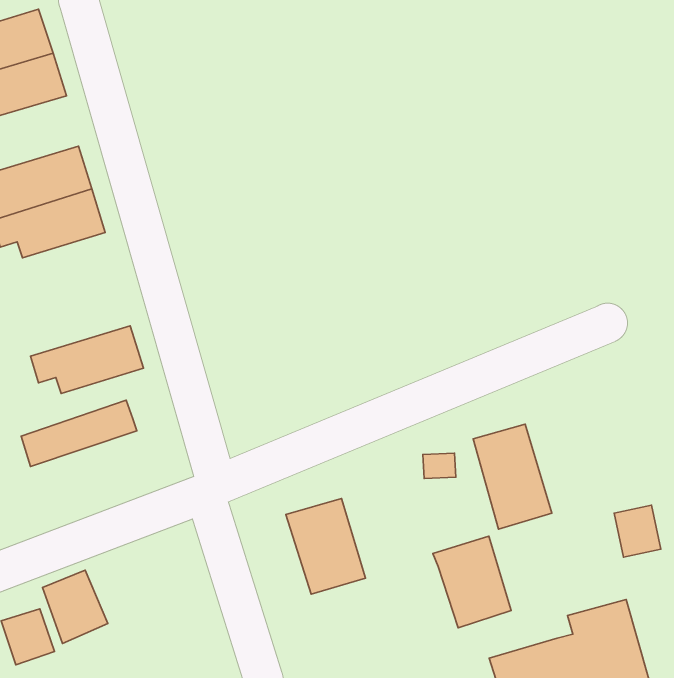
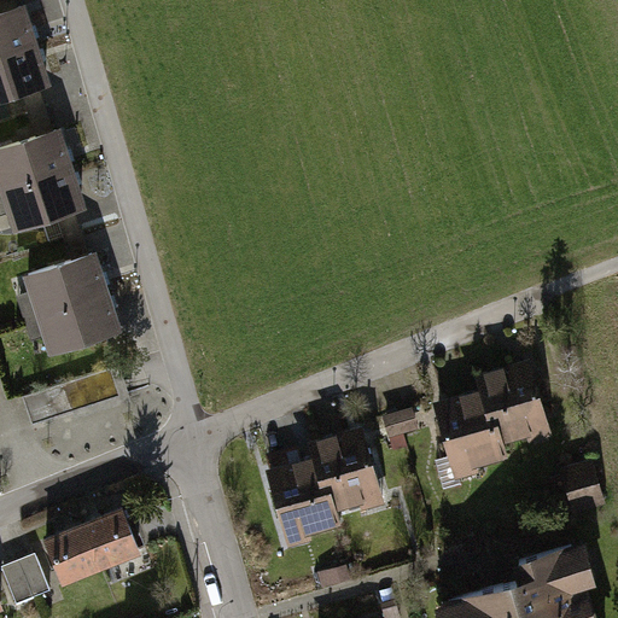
building: none -> [19,257,118,325]
building: none -> [473,358,547,442]
building: [433,536,511,628] -> [305,426,377,509]
building: none -> [77,501,141,567]

